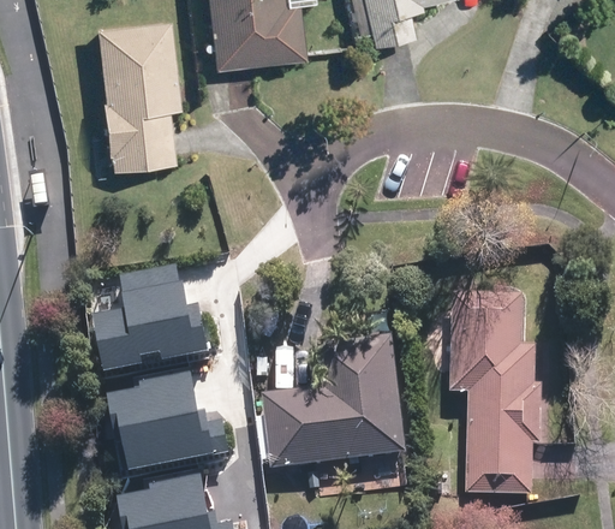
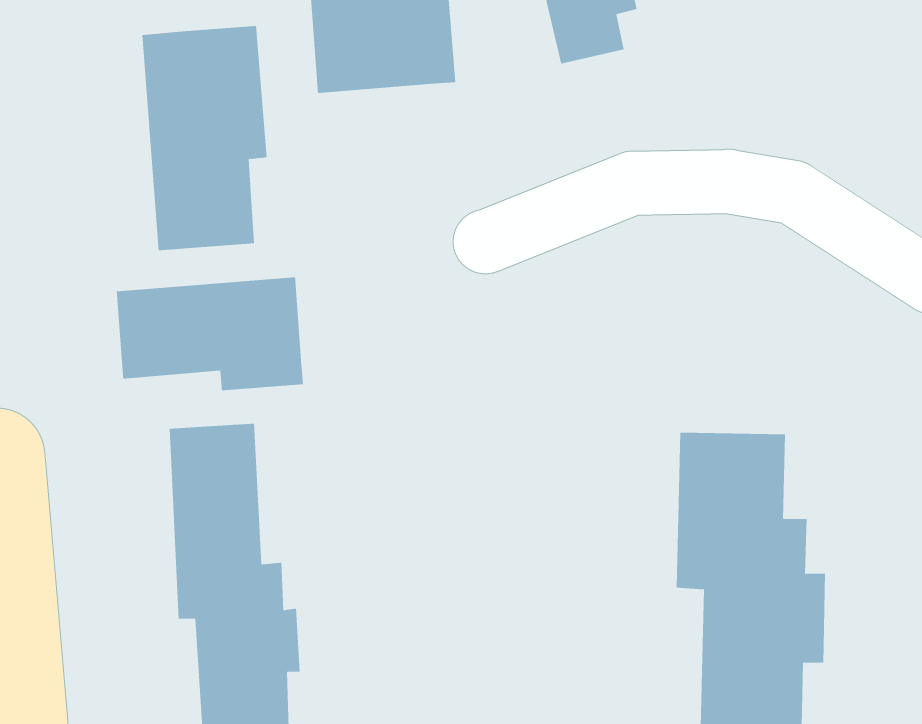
building: none -> [116,276,304,391]
building: [264,337,405,466] -> none

